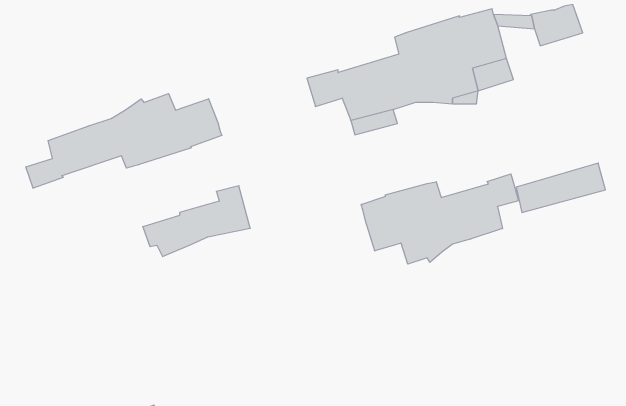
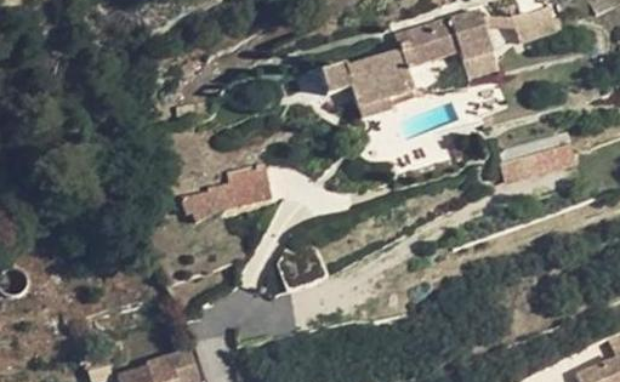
building: [26,94,222,188] -> none
building: [361,174,518,264] -> none

